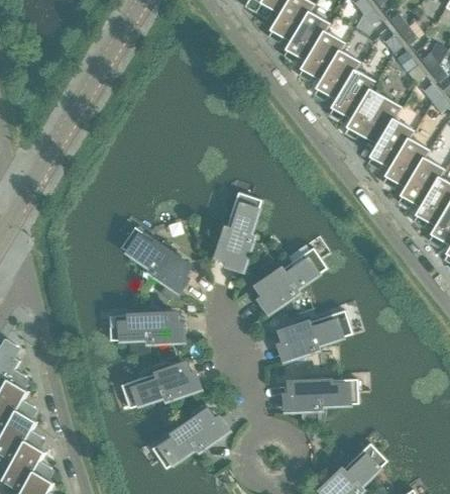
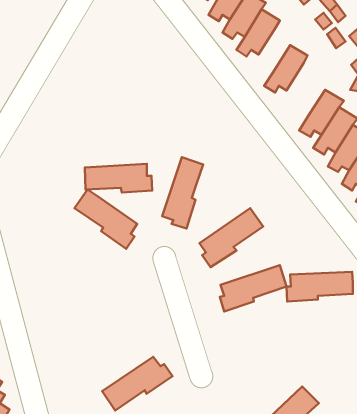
building: [313,50,360,102] -> none
building: [343,89,402,144] -> none
building: [109,312,183,343] -> [85,164,152,192]
building: [121,363,199,408] -> none
building: [286,379,358,411] -> [286,272,353,301]

